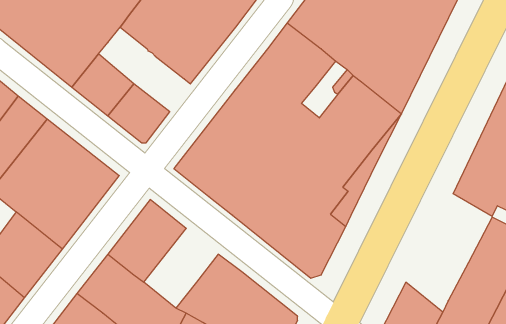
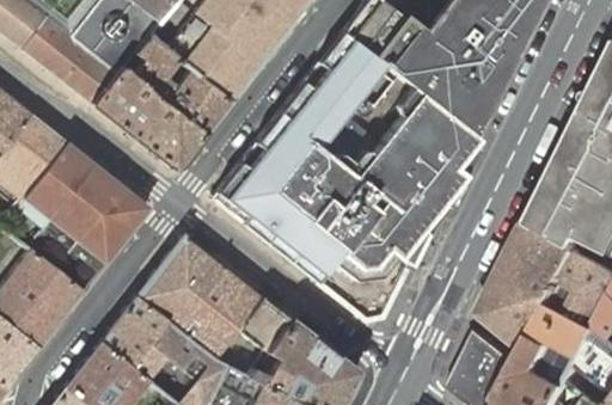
building: none -> [123,33,230,131]
building: none -> [485,225,580,350]
building: none -> [176,266,262,358]

